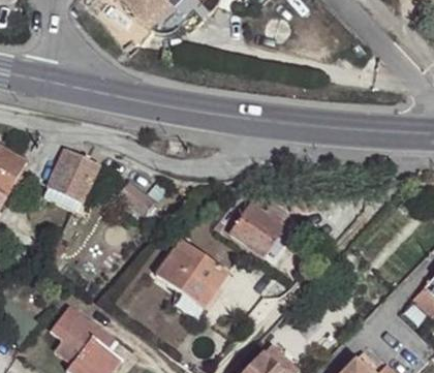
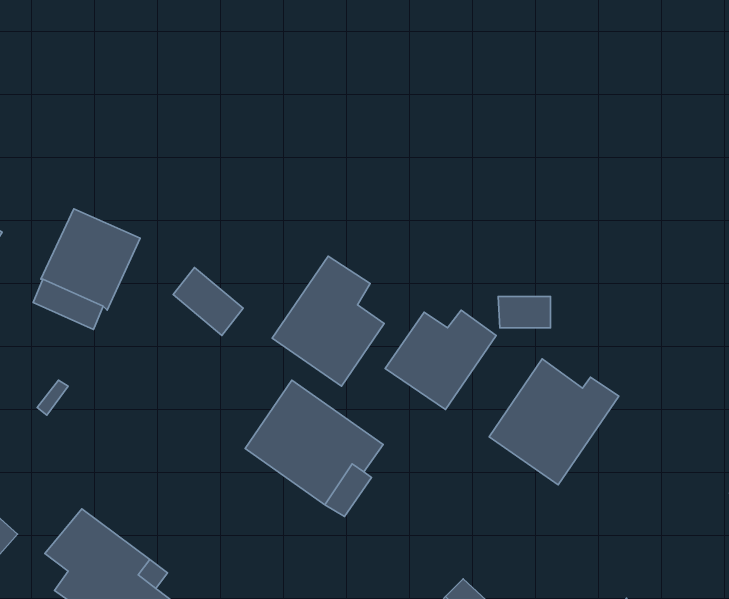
building: none -> [272,256,384,386]
building: none -> [489,359,619,485]

